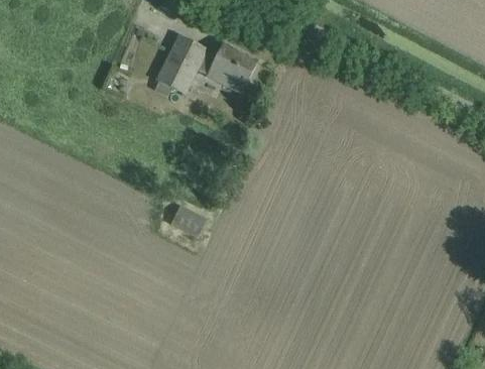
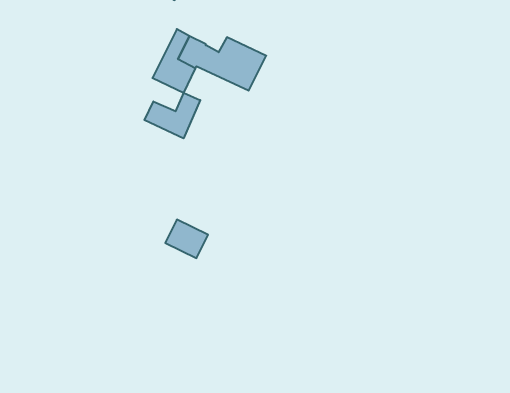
building: none -> [144,93,200,138]

